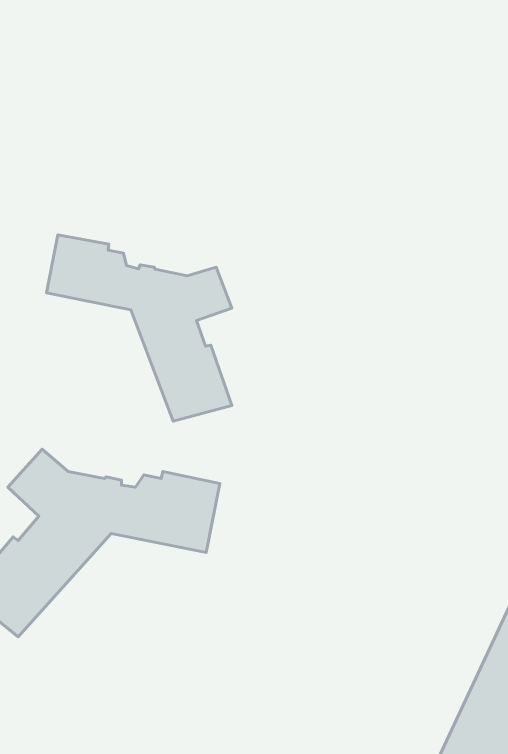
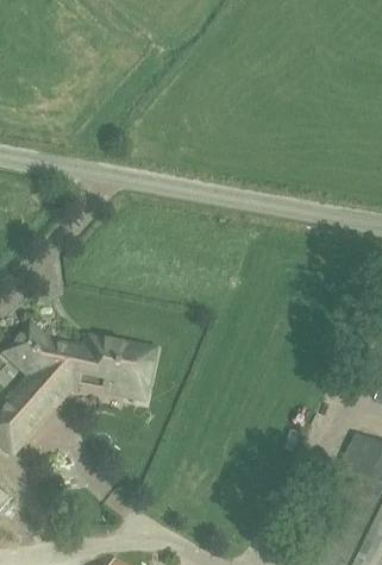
building: [46,235,232,421] -> none

